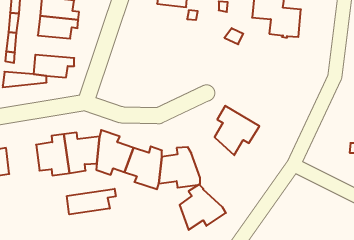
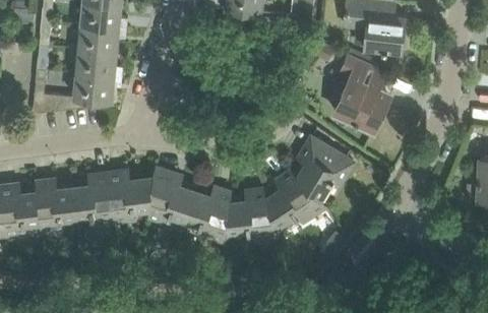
building: none -> [72,48,122,76]
building: none -> [333,53,387,133]
building: none -> [35,179,77,230]
building: [180,185,226,230] -> [267,170,325,227]
building: [67,189,116,214] -> none

